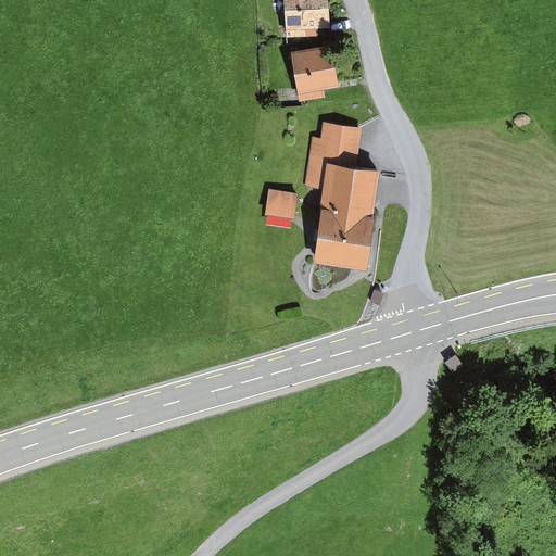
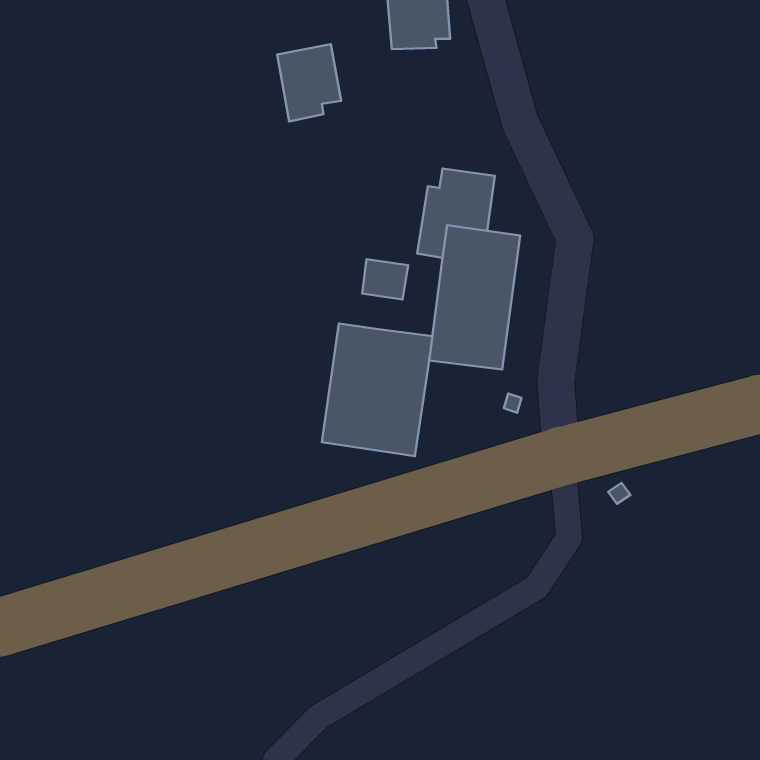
building: [290,45,337,101] -> [277,44,341,122]
building: none -> [322,324,432,456]

